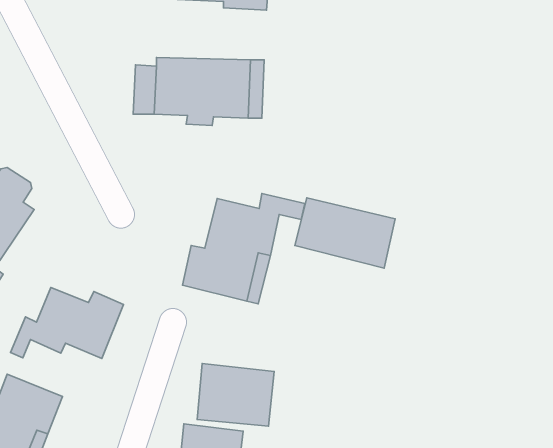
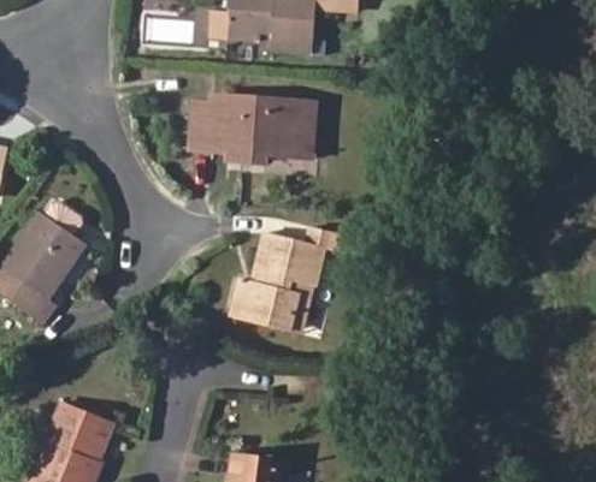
building: [295,198,395,268] -> none
building: [11,287,123,358] -> none
building: [197,363,274,426] -> none

